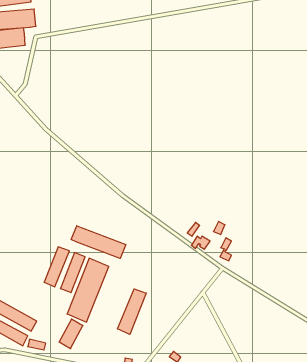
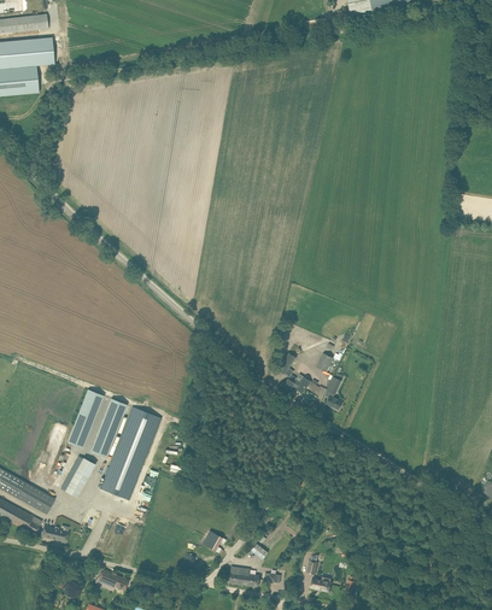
building: [71,226,126,258] -> none
building: [118,289,146,334] -> none
building: [59,319,83,349] -> [60,453,95,497]

